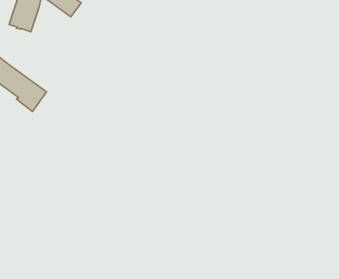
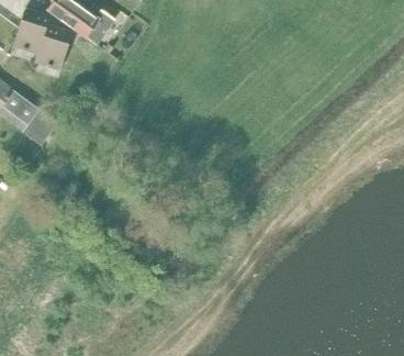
building: none -> [35,24,72,69]

